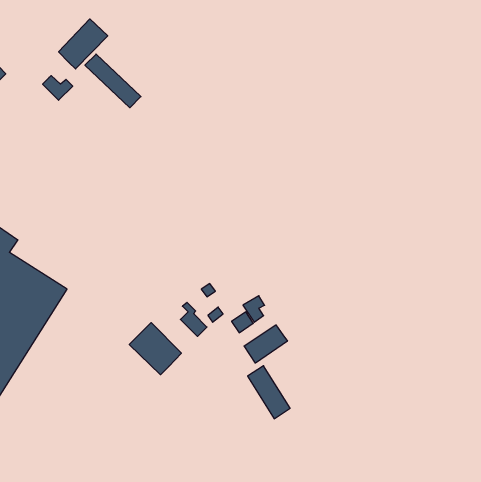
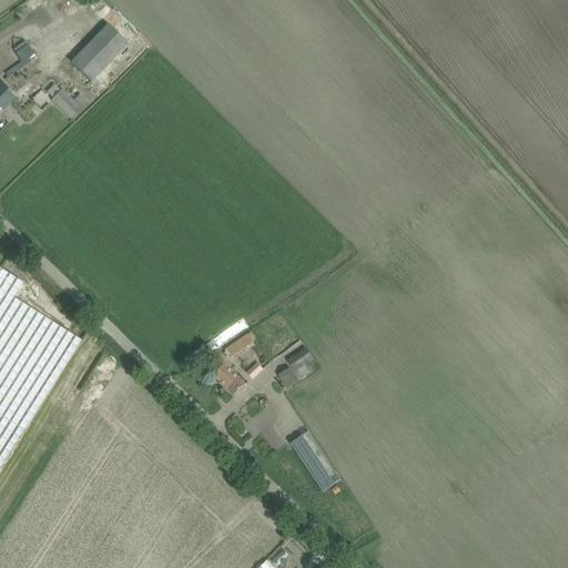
building: [85,54,141,108] -> none
building: [129,323,181,375] -> none
building: [244,325,287,363] -> none

